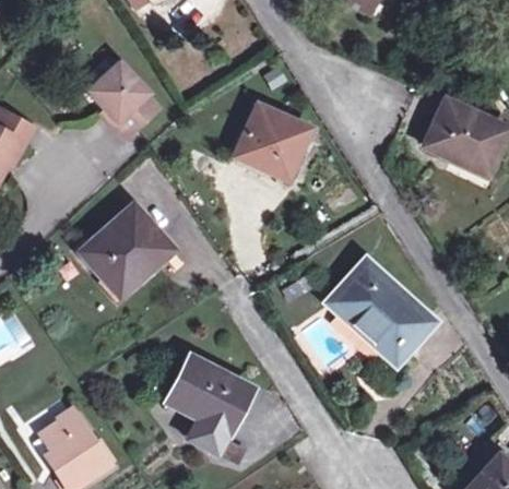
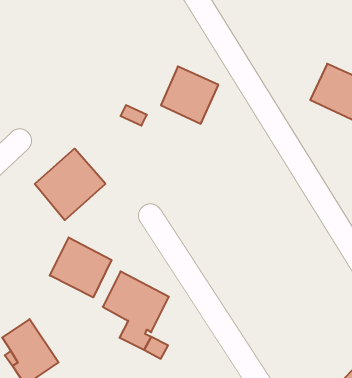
building: [91,63,159,139] -> none
building: [330,260,433,361] -> none
building: none -> [50,237,112,297]

